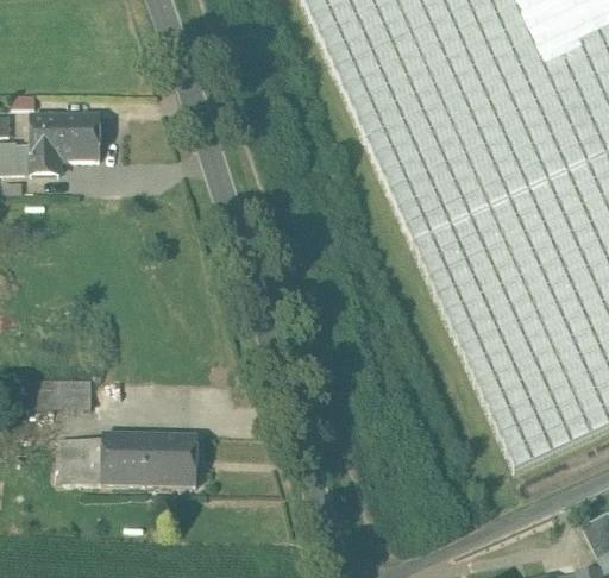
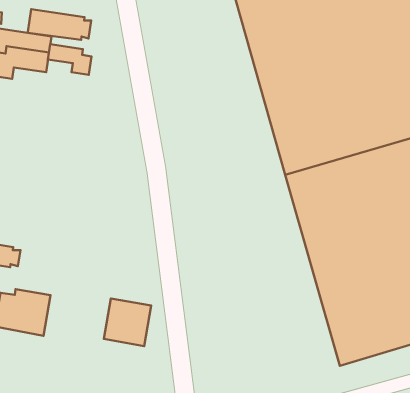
building: none -> [28,9,91,40]
building: none -> [48,44,92,75]
building: [146,433,199,485] -> [104,298,151,346]

